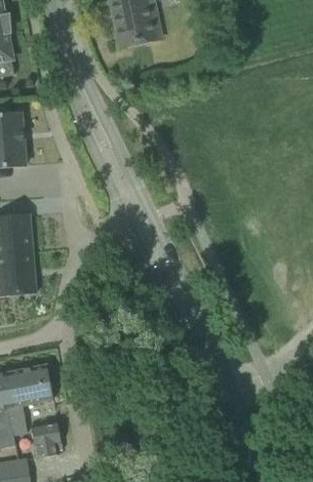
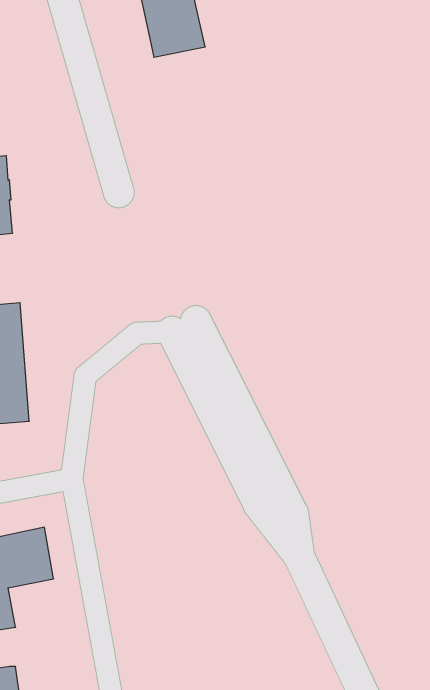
building: [31,420,63,458] -> none

